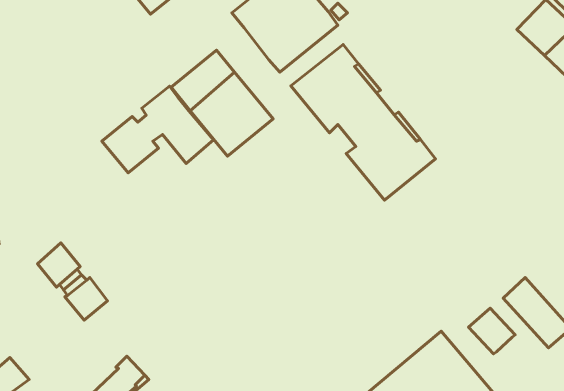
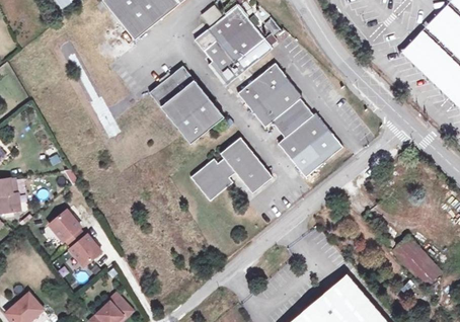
building: [102,86,214,173] -> [190,137,273,200]
building: [469,308,515,354] -> none

